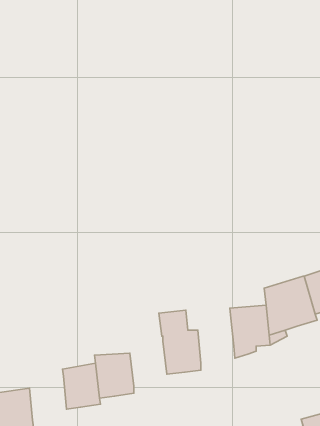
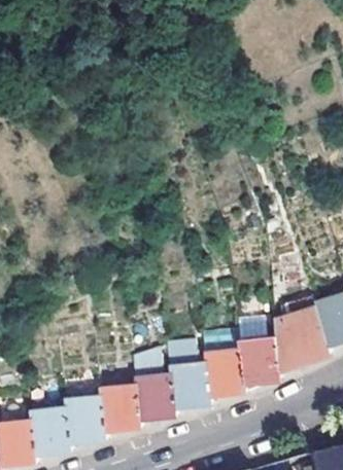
building: none -> [207,349,245,395]
building: none -> [132,353,176,419]
building: none -> [33,408,73,454]

